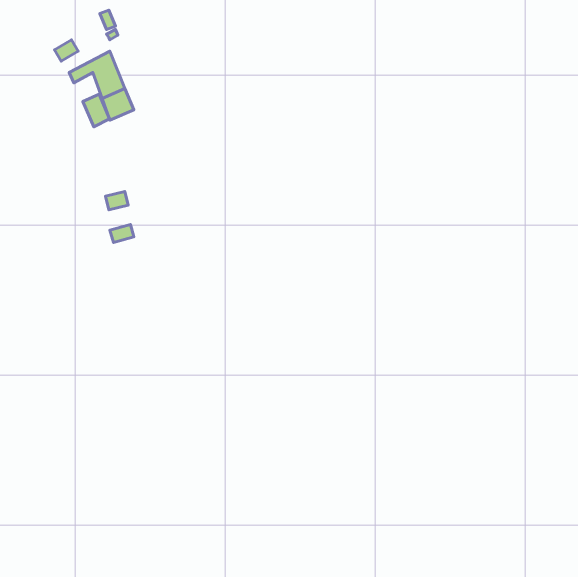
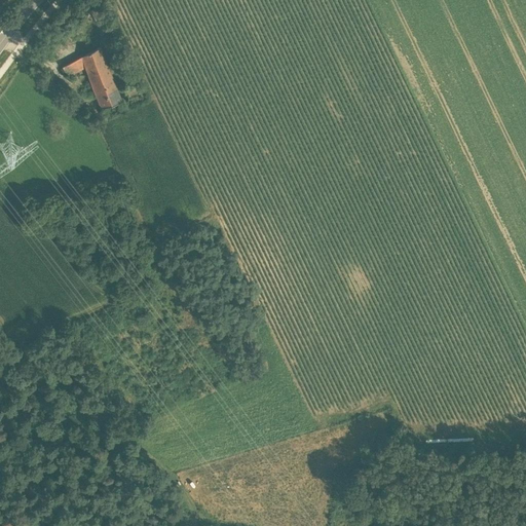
building: [83,94,109,127] -> none

